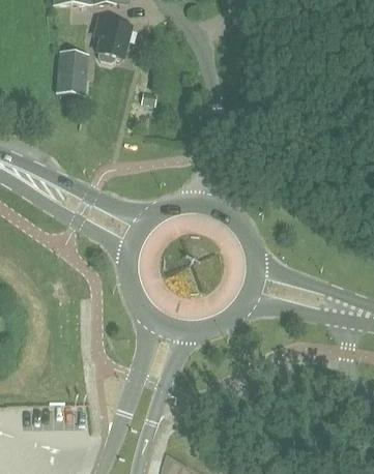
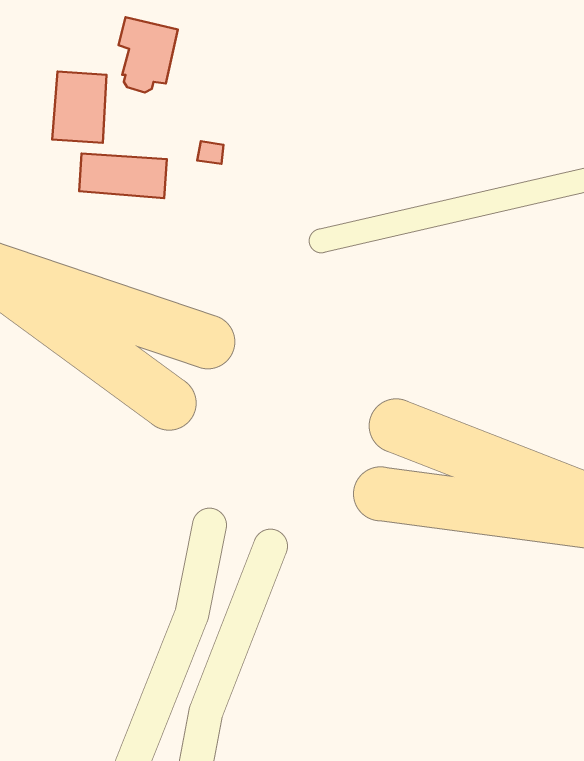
building: none -> [79,154,167,198]

